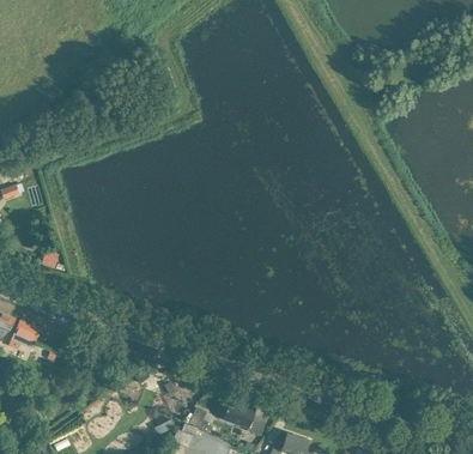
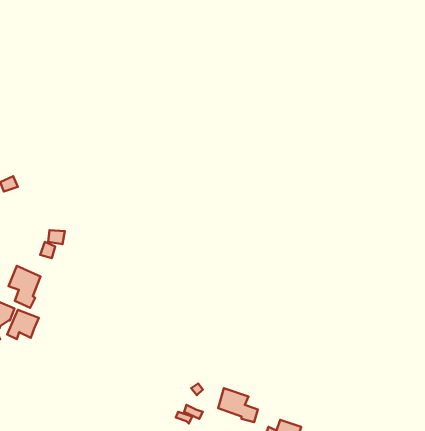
building: none -> [8,266,41,308]

